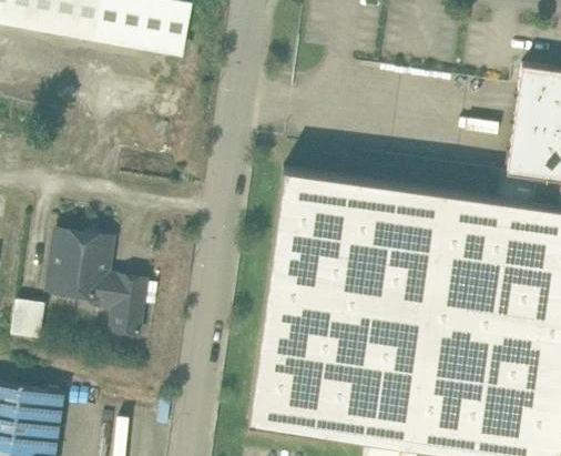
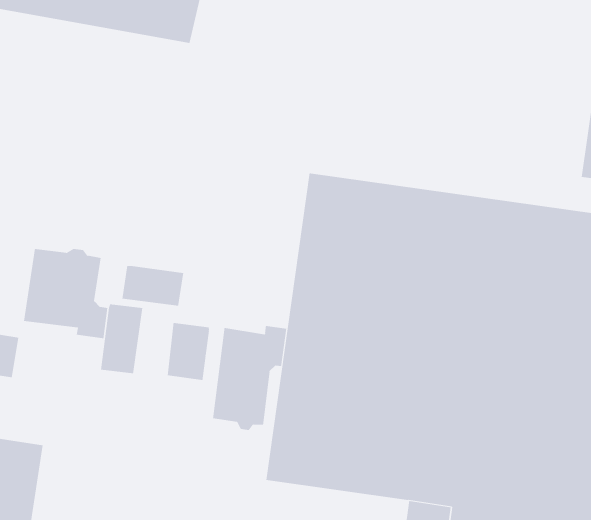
building: none -> [122,265,184,307]
building: none -> [167,322,209,381]
building: none -> [212,325,287,431]

